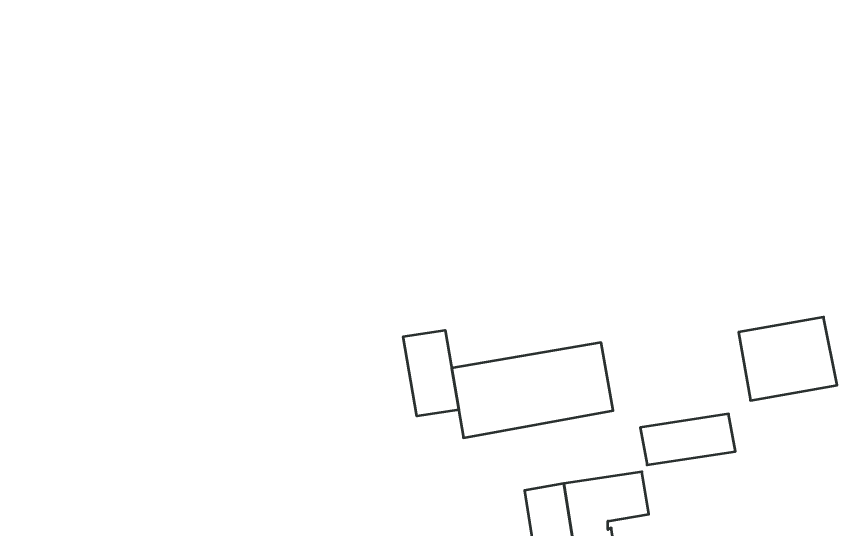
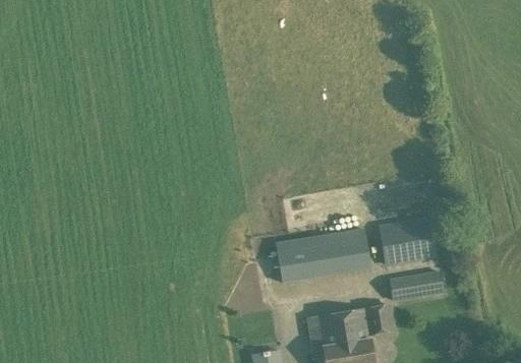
building: [739,317,837,400] -> [379,216,438,265]
building: [403,330,459,416] -> none

